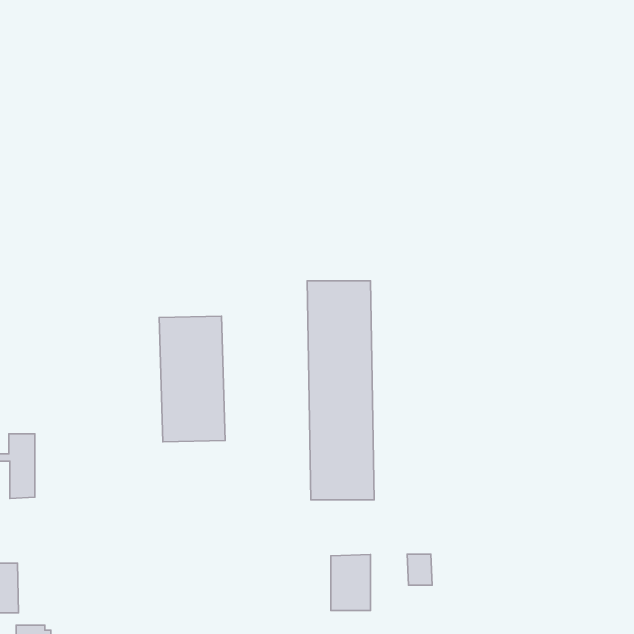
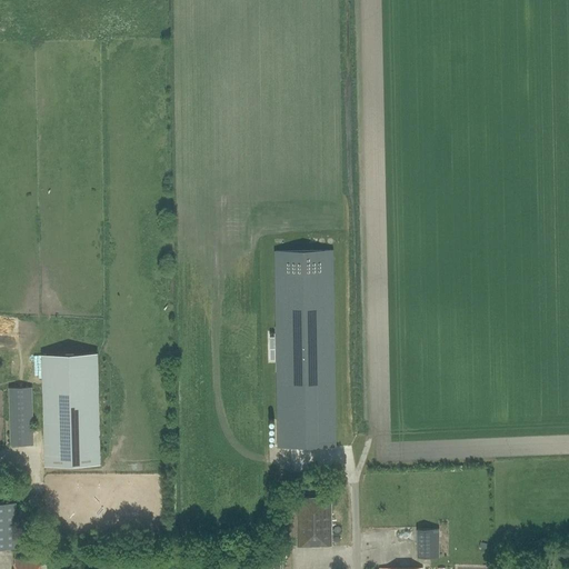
building: [159,316,225,442] -> [41,355,100,467]
building: [407,554,432,585] -> [416,530,438,558]

